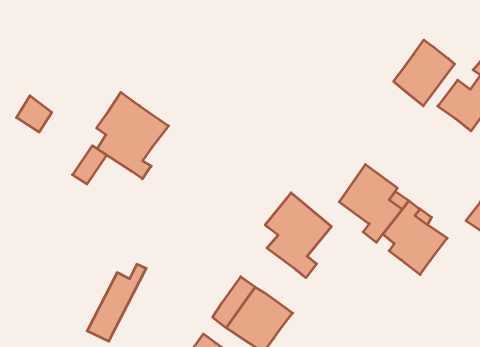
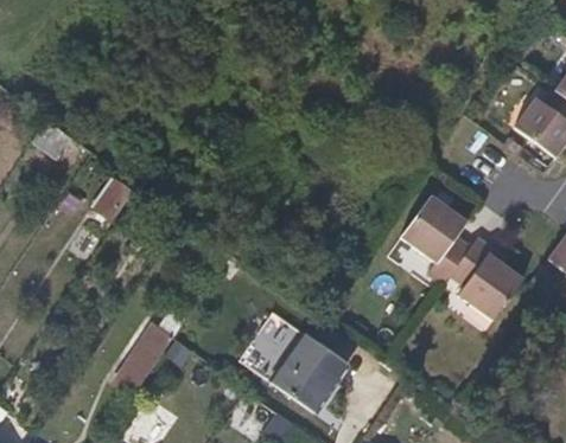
building: [394,40,455,106] -> none
building: [97,92,169,179] -> none
building: [265,193,331,278] -> none

